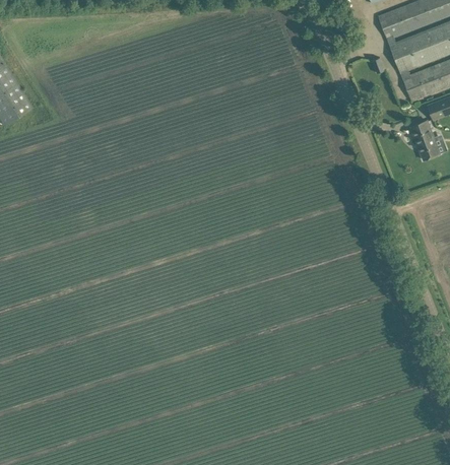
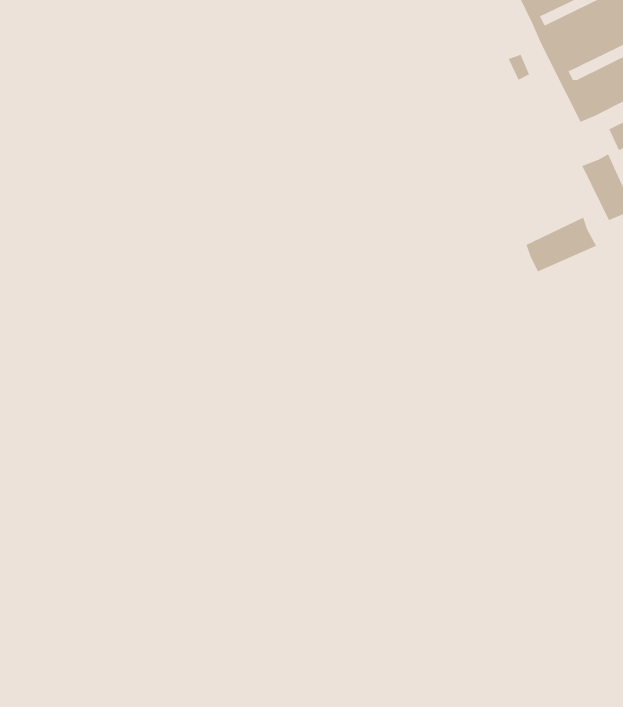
building: none -> [526,217,597,272]

